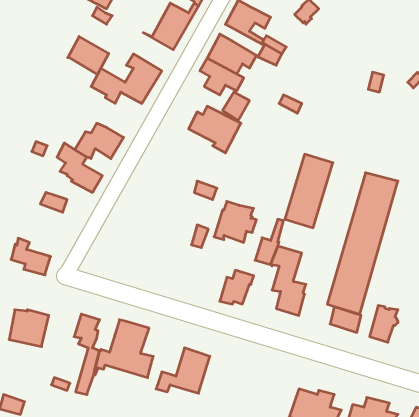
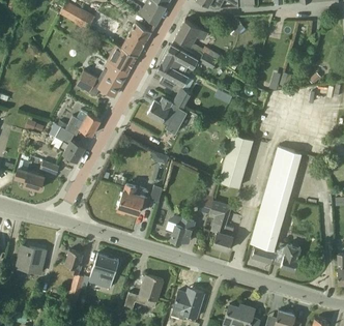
building: [68,36,109,75] -> [107,43,137,71]
building: [214,201,256,242] -> [117,184,148,214]
building: [11,238,51,275] -> [15,162,44,189]
building: none -> [170,290,204,320]

